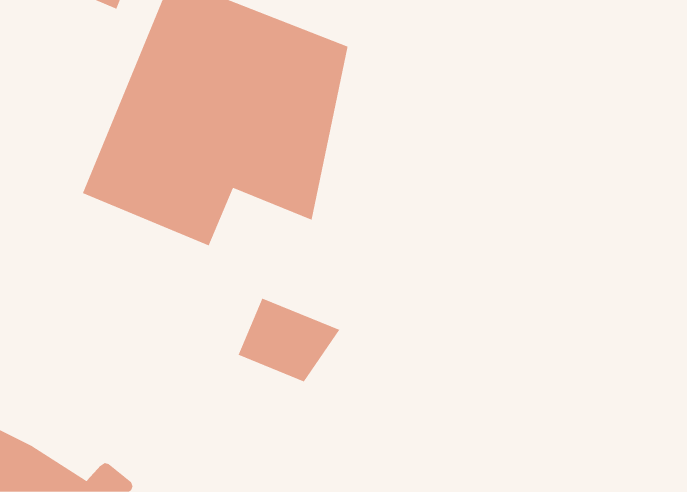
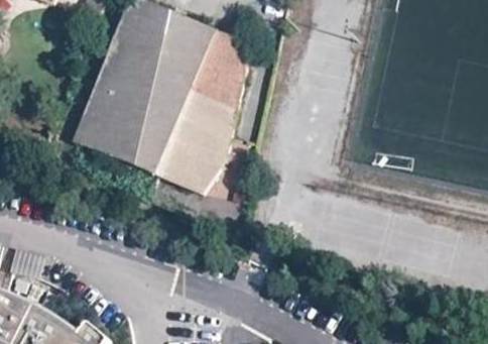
building: [238,298,341,383] -> [156,138,225,195]

